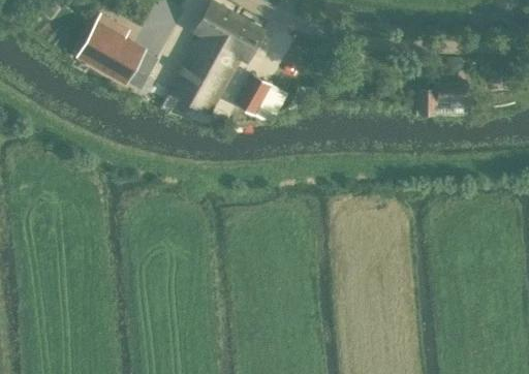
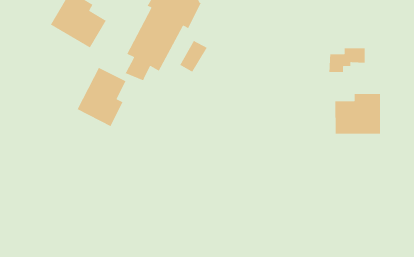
building: none -> [76,67,127,127]
building: none -> [334,93,381,134]

